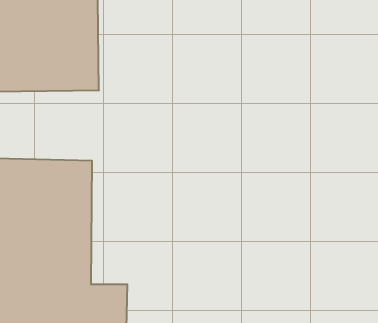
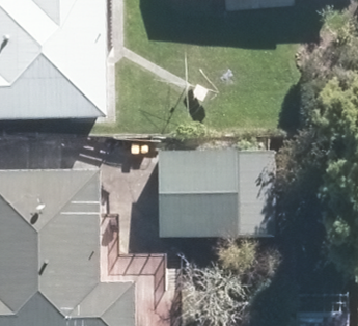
building: none -> [159,157,266,233]

